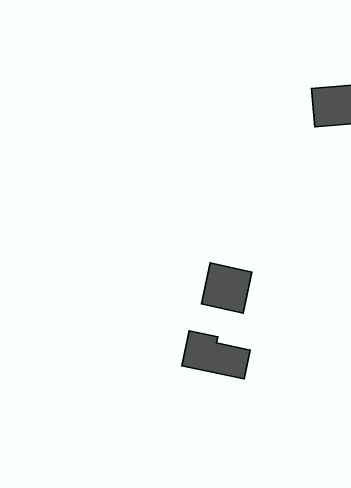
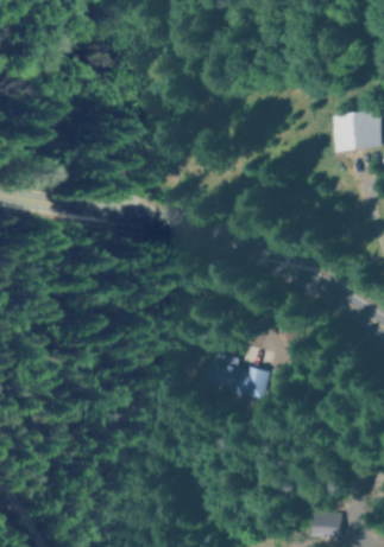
building: [201,263,252,313] -> none

